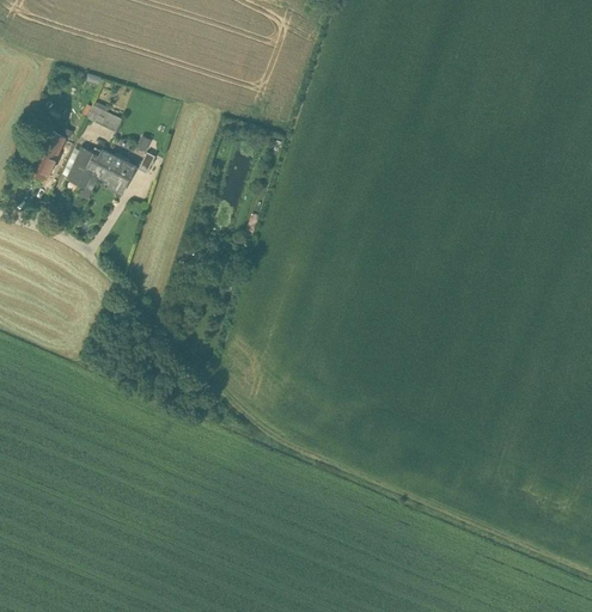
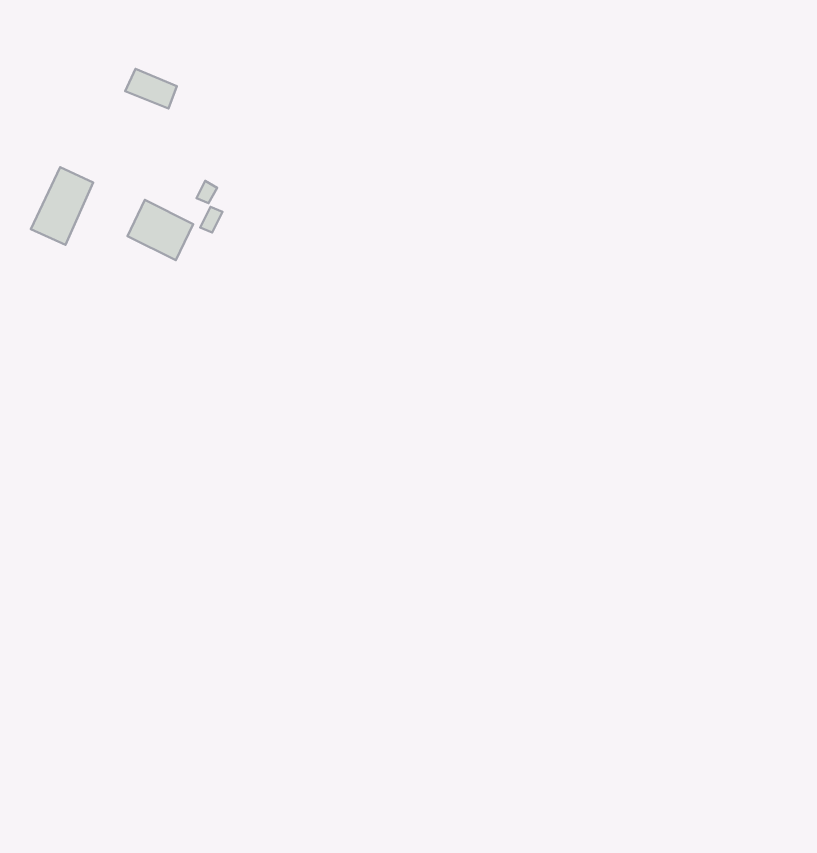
building: [87,103,123,130] -> [125,69,177,109]
building: [67,147,99,192] -> none

